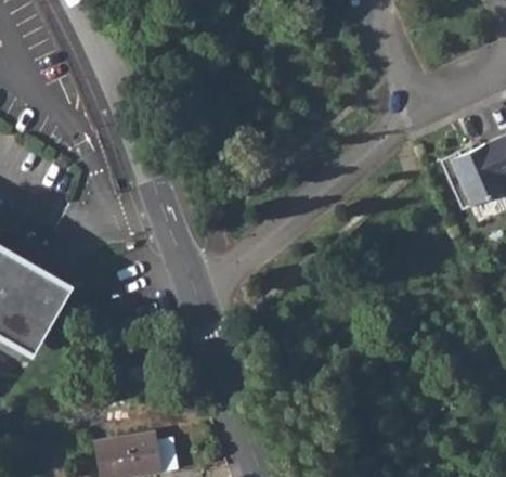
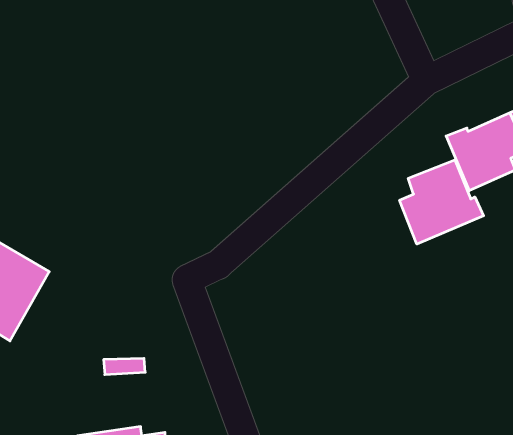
building: none -> [400,160,484,244]

